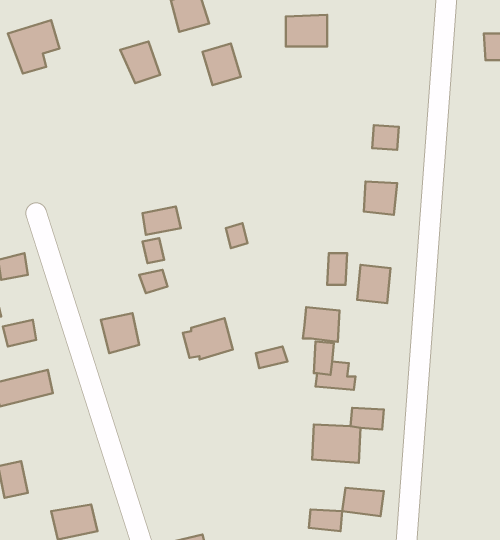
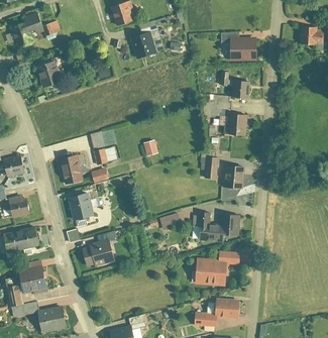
building: [286,15,327,46] -> [232,38,257,58]
building: [120,42,160,83] -> [34,59,59,84]
building: none -> [60,154,82,184]
building: [303,307,340,342] -> [218,213,240,234]
building: [183,318,233,360] -> [83,240,113,265]
building: none -> [18,268,46,291]

